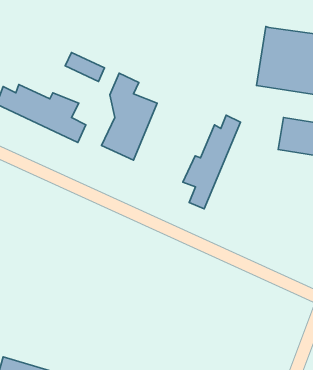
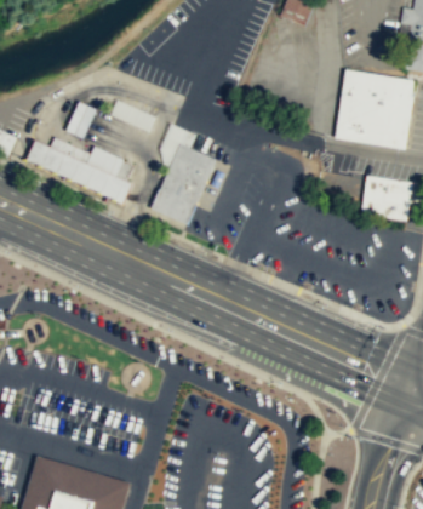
building: none -> [65,102,95,138]
building: [183,115,240,209] -> none

